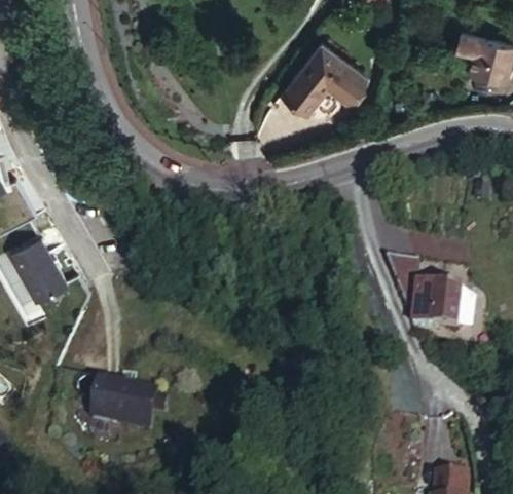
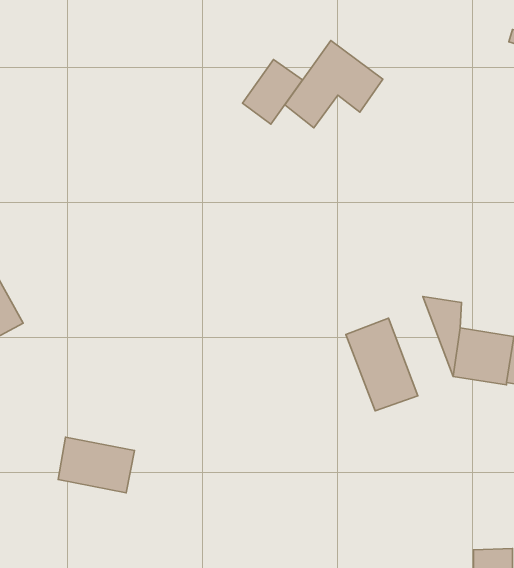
building: none -> [242,59,302,124]
building: none -> [346,318,418,411]

